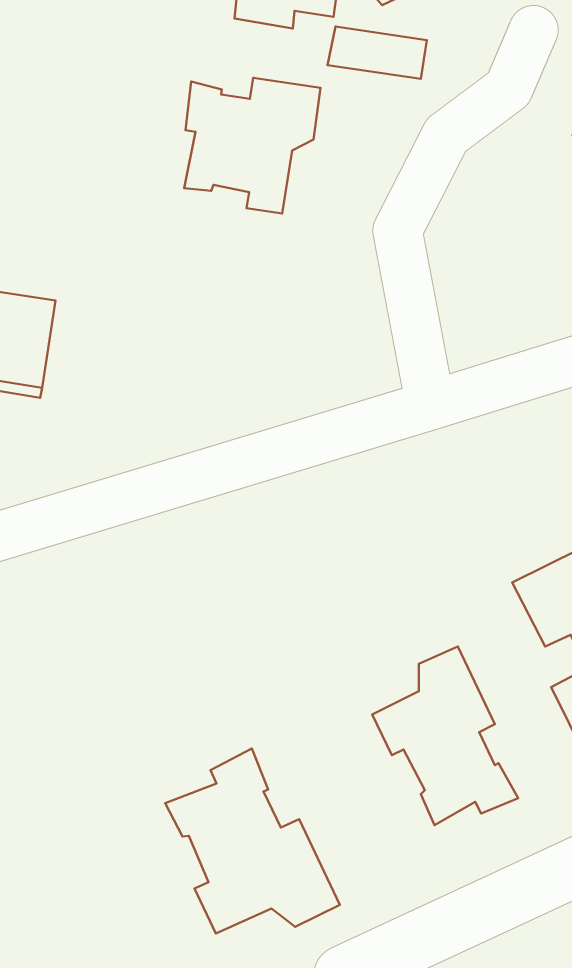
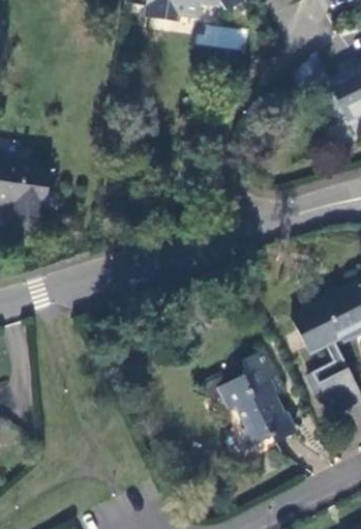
building: [184,78,321,213] -> none
building: [165,748,340,933] -> none

